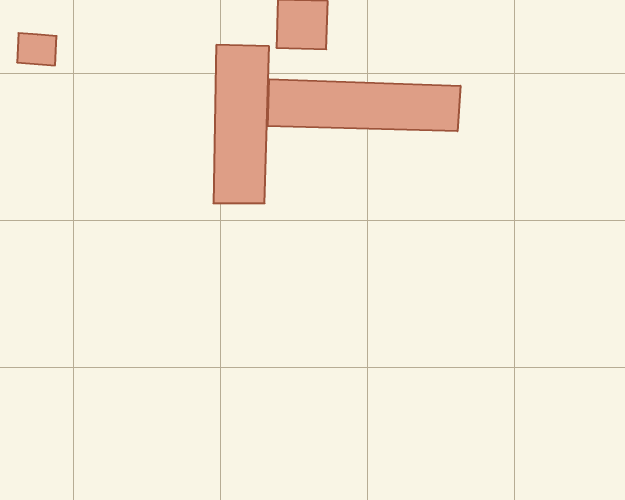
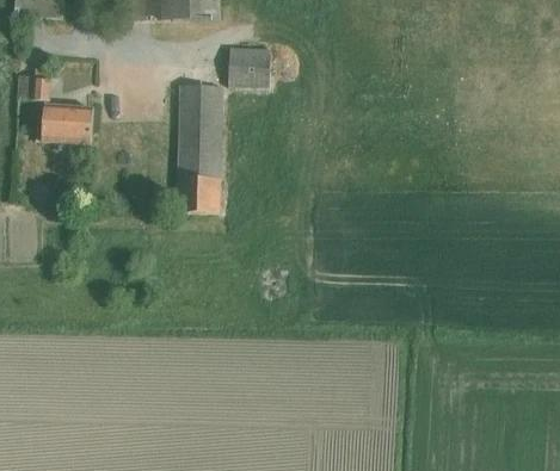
building: none -> [42,103,94,143]
building: [268,79,460,131] -> none

